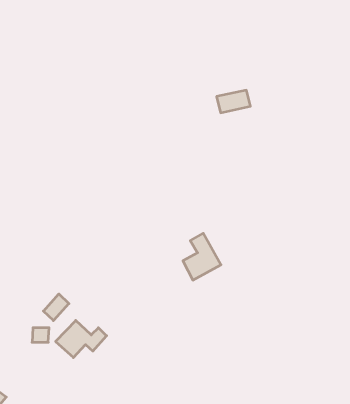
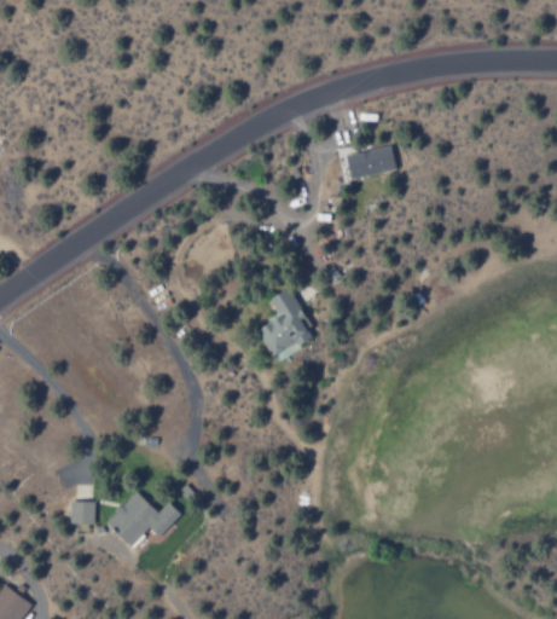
building: [183,233,221,280] -> [257,289,314,359]
building: [43,294,69,321] -> none

